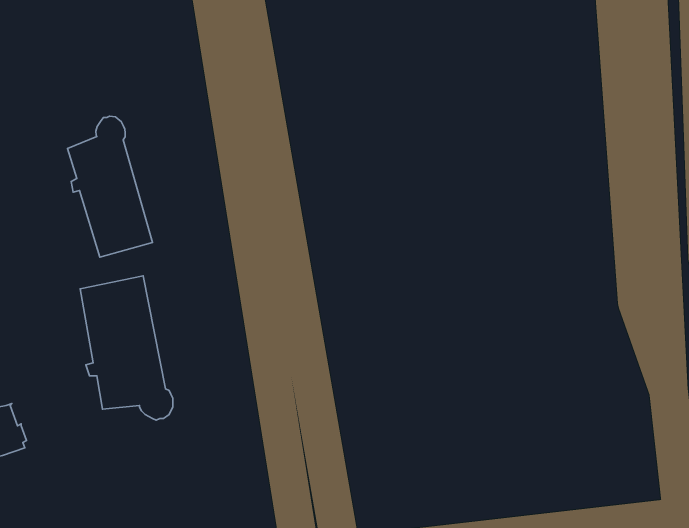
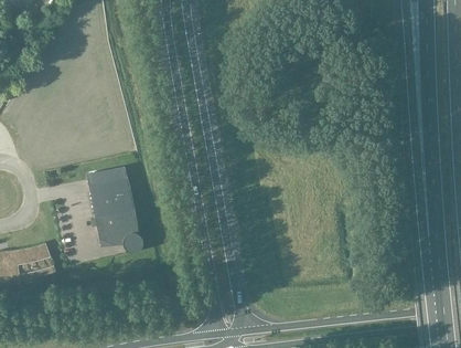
building: [68,116,152,257] -> none

